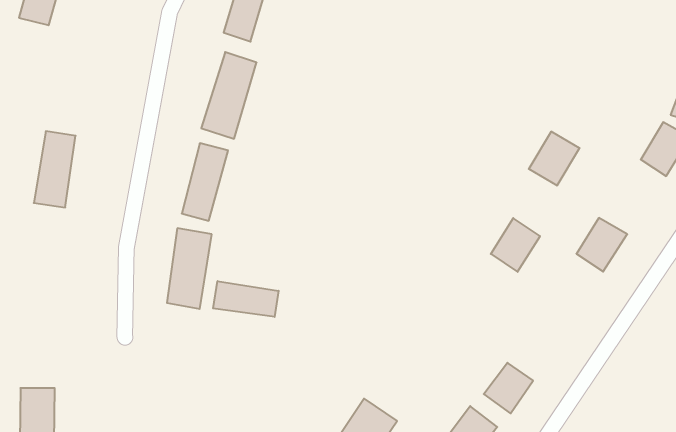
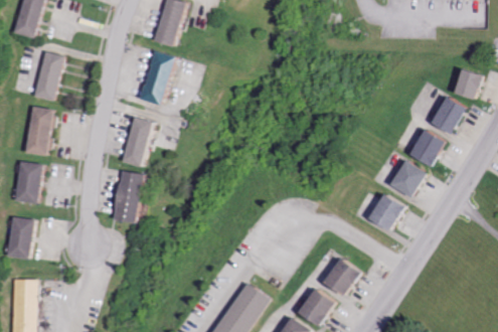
building: none -> [33,51,62,101]
building: [529,132,580,185] -> [410,132,445,168]
building: none -> [15,160,43,202]
building: [491,218,540,272] -> [370,197,403,233]
building: [213,281,279,317] -> none
building: none -> [6,214,33,259]

